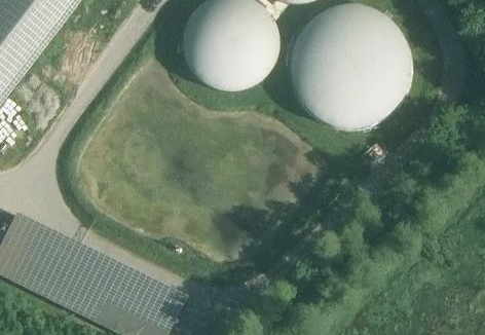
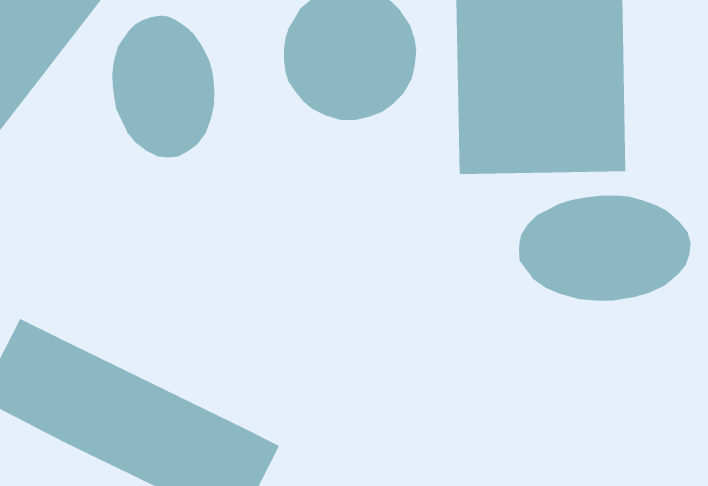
building: none -> [112,15,215,158]
building: none -> [519,195,691,302]

